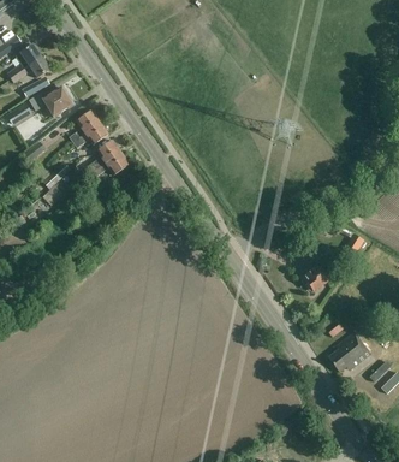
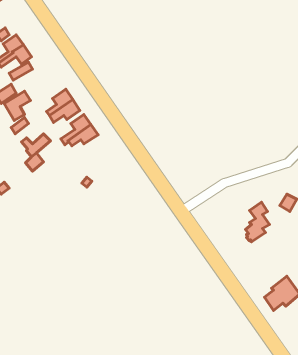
building: [30,87,72,116] -> none

